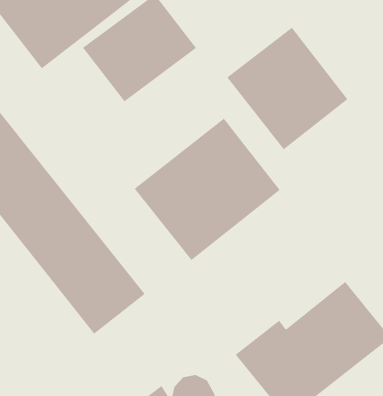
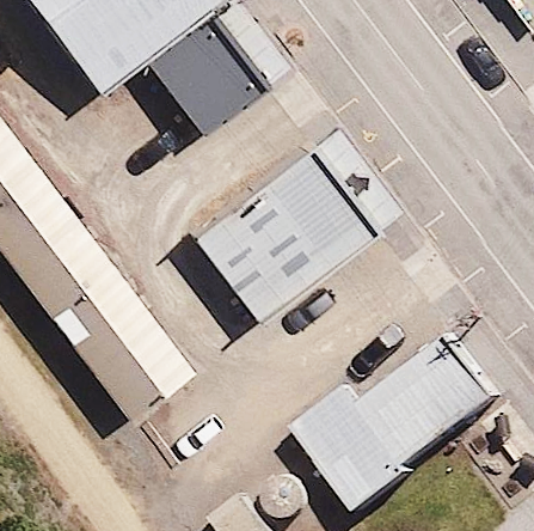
building: [227,27,348,150] -> none

